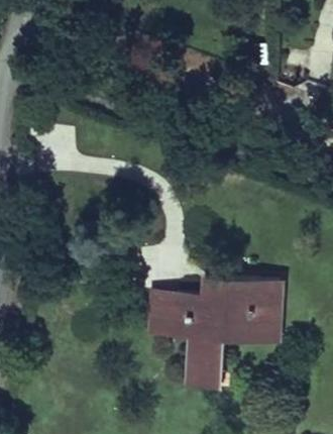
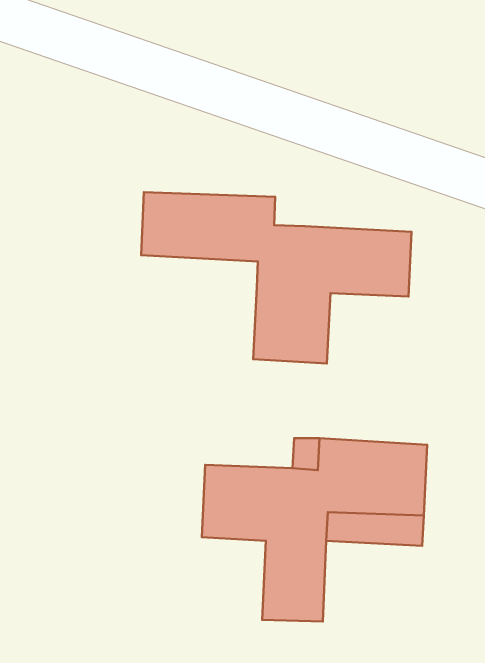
building: none -> [141,192,411,364]

